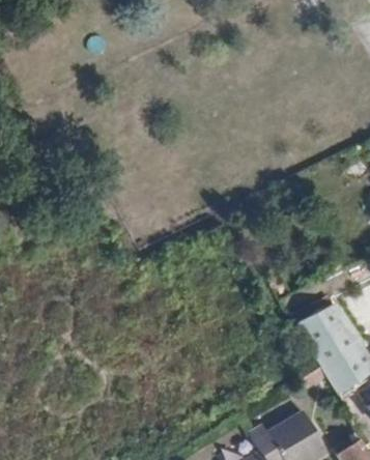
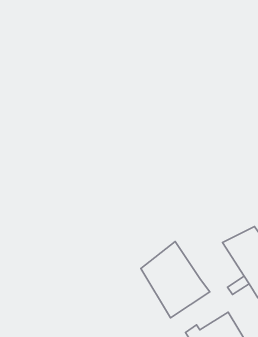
building: none -> [141,241,210,318]

